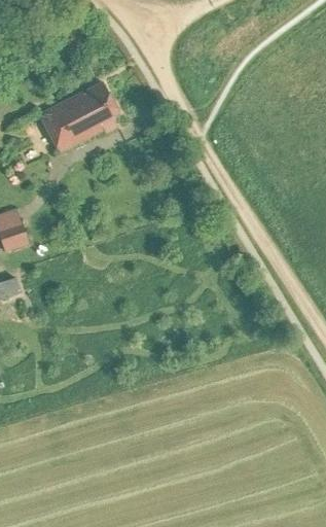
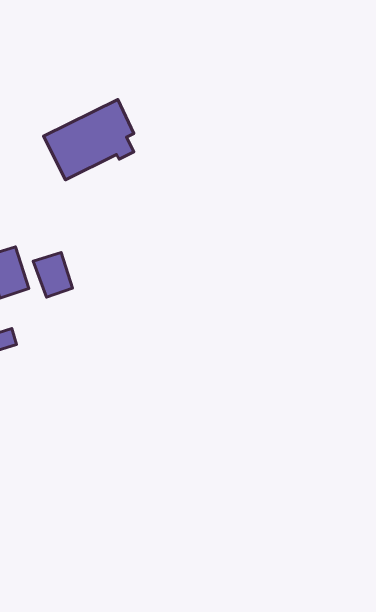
building: none -> [33,252,73,297]

